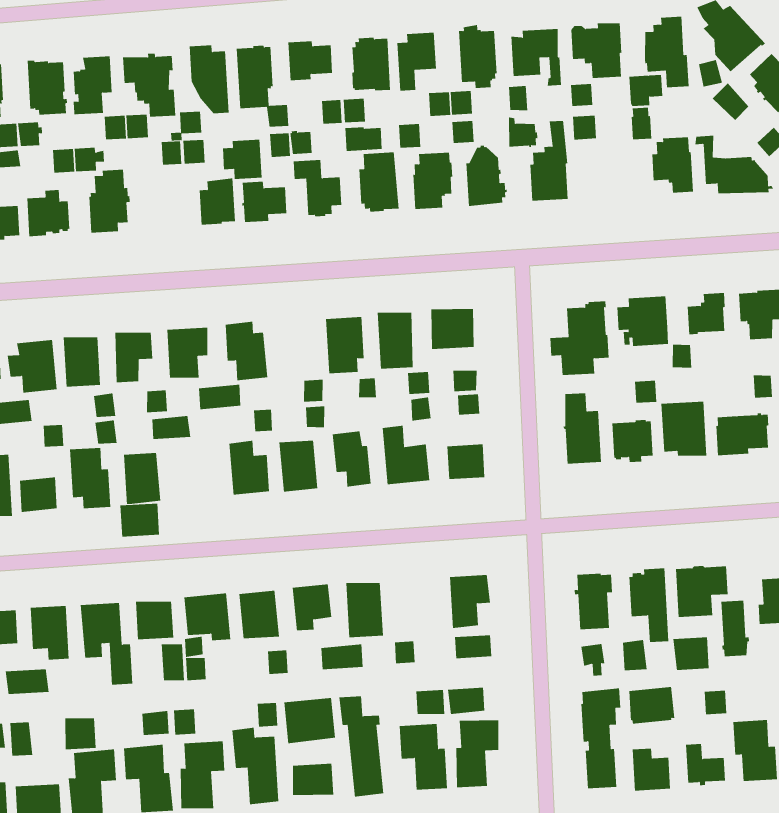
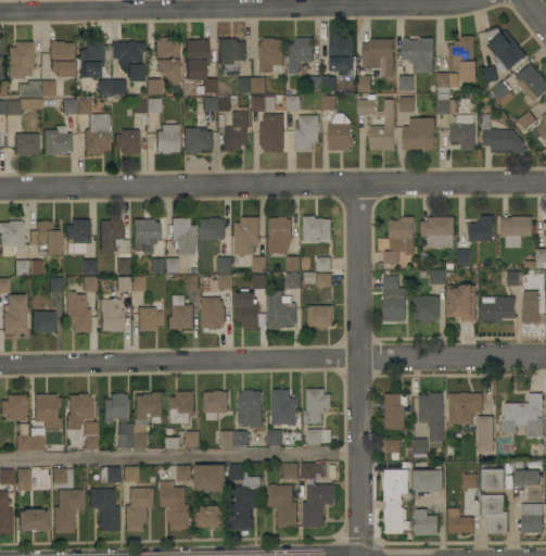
building: [222,139,262,179] -> [115,129,140,154]
building: none -> [404,117,436,150]
building: none -> [199,217,223,239]
building: [120,503,160,537] -> [135,308,160,329]
building: none -> [269,389,295,424]
building: [673,637,710,670] -> [482,469,505,490]

